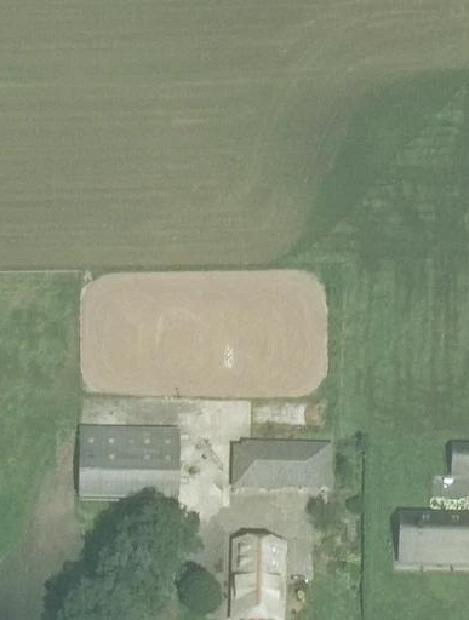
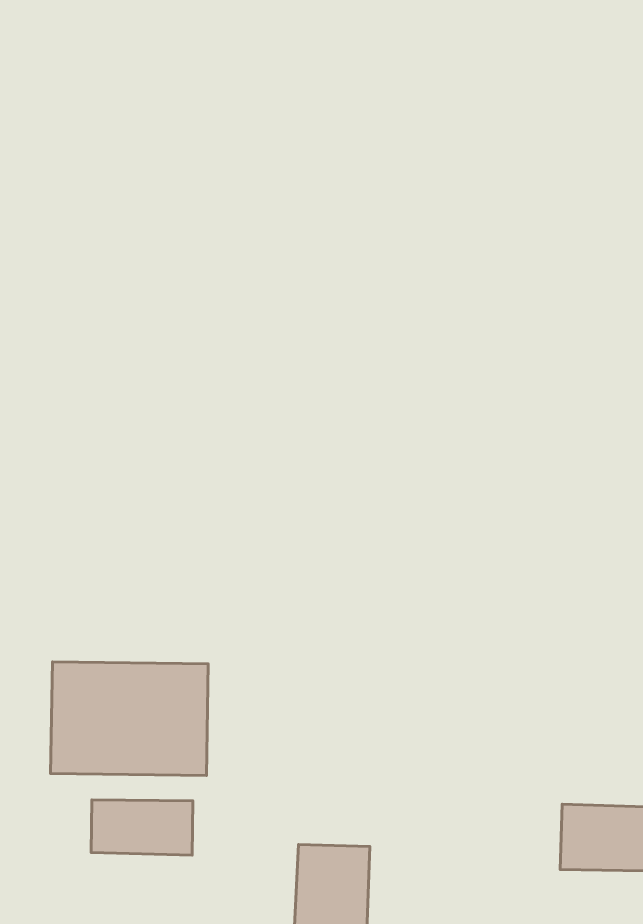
building: [231,438,332,489] -> none
building: none -> [91,800,193,855]

